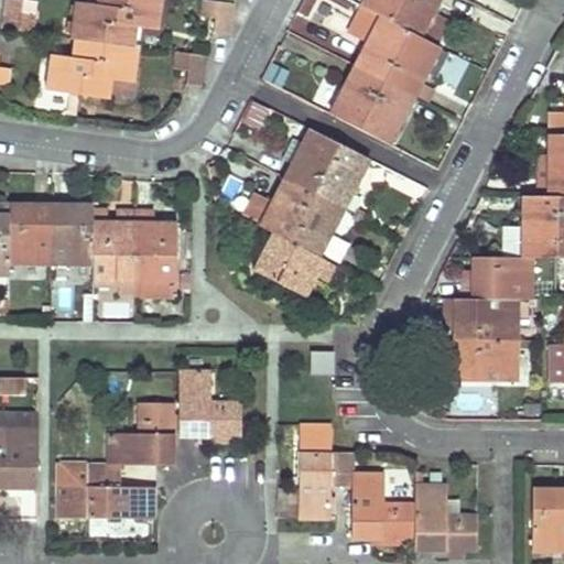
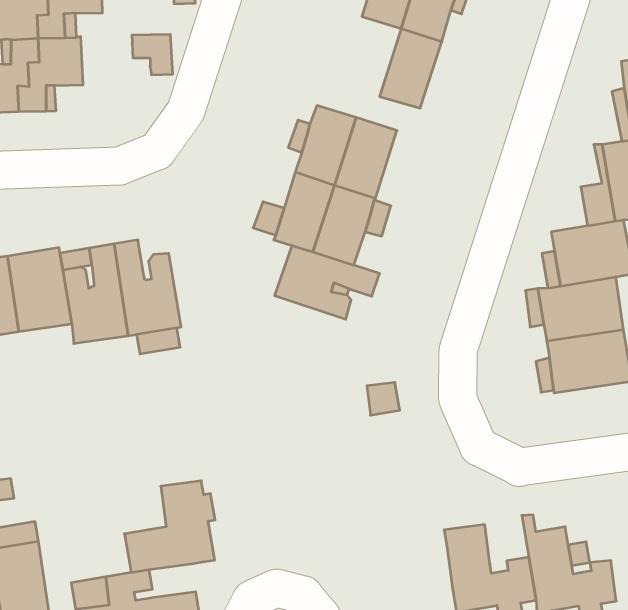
building: [330,65,384,129] -> none
building: [177,371,241,442] -> none
building: [297,423,354,518] -> none

